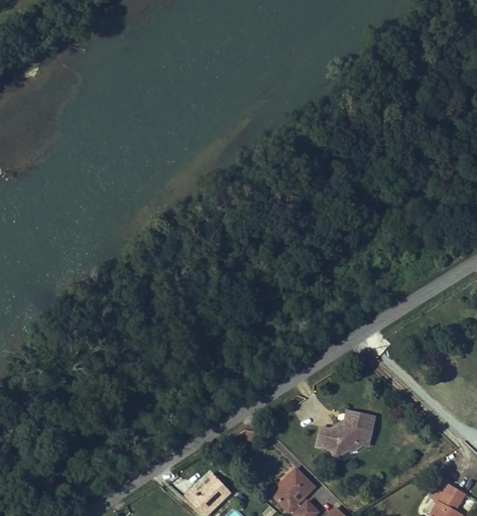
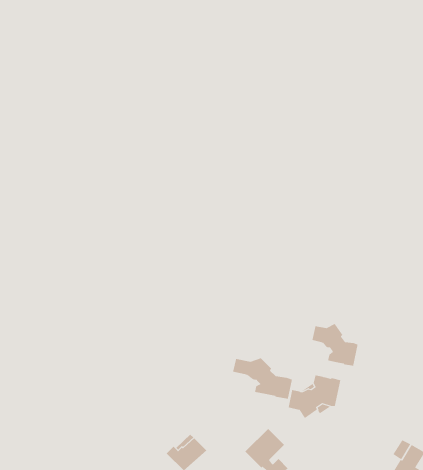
building: none -> [312,323,358,366]
building: none -> [233,358,293,400]

